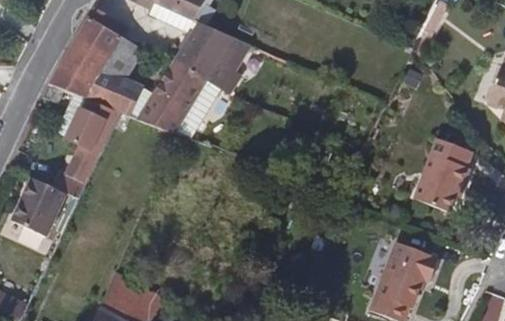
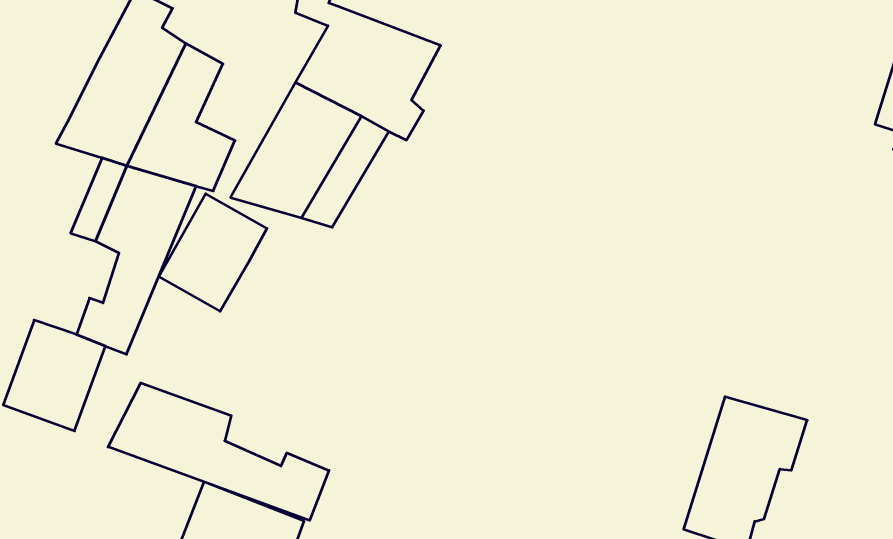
building: none -> [159,194,267,311]
building: [414,133,475,209] -> none
building: none -> [108,383,329,520]

